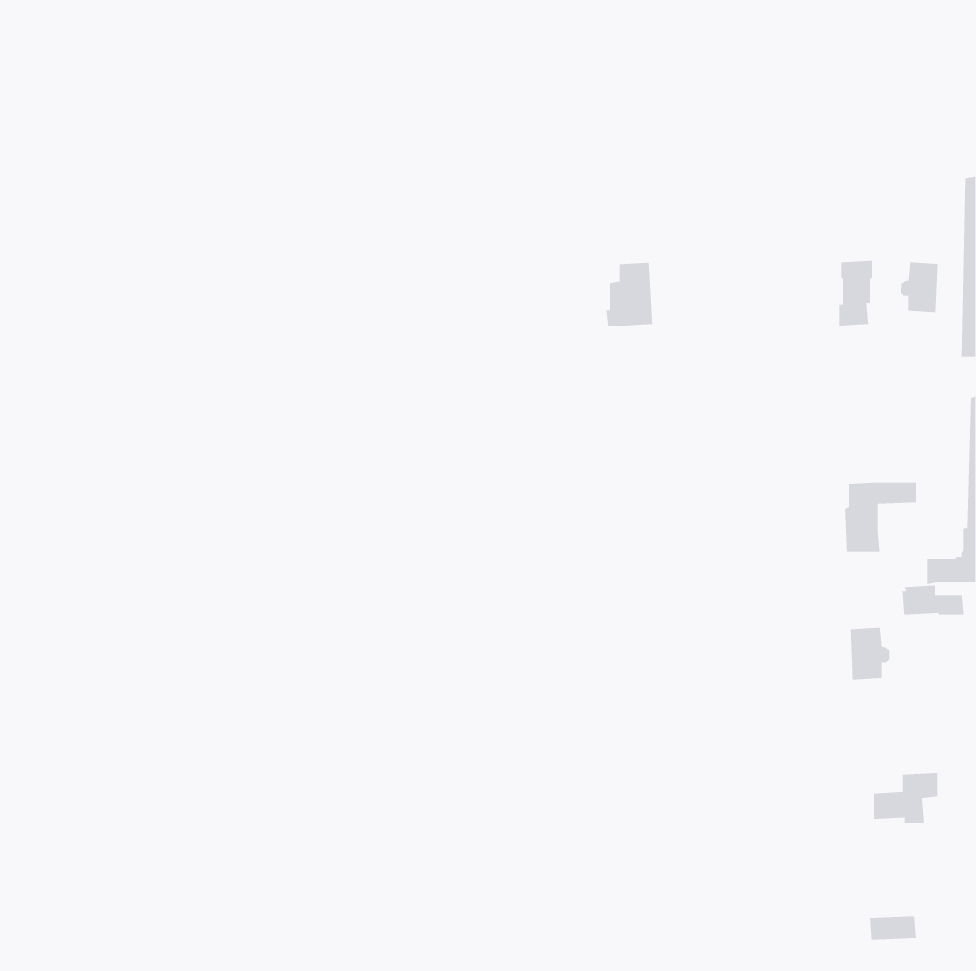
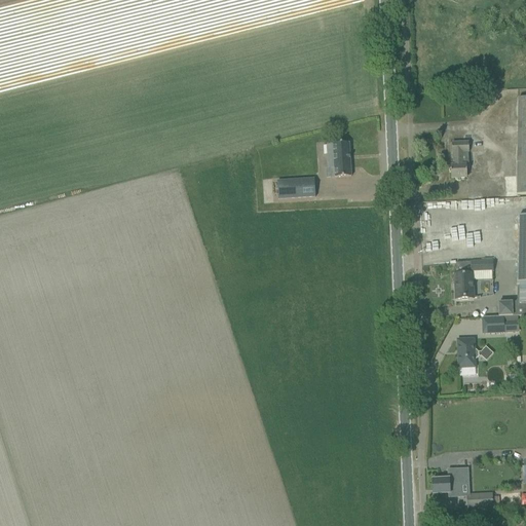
building: [900,261,939,313] -> none
building: none -> [277,177,315,197]
building: [873,772,938,824] -> [433,466,467,494]

